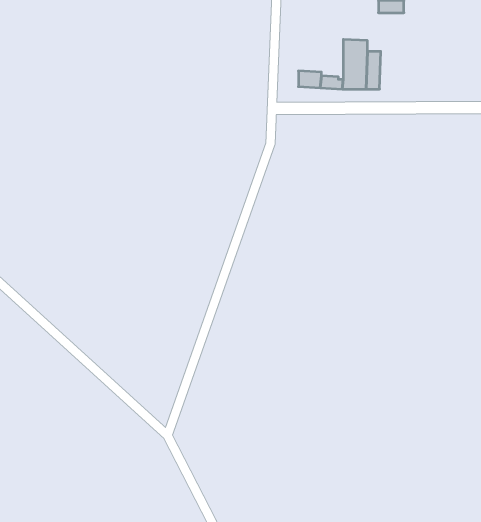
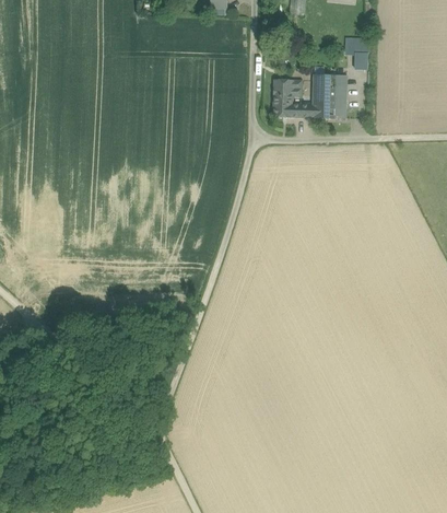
building: none -> [273,79,294,103]

